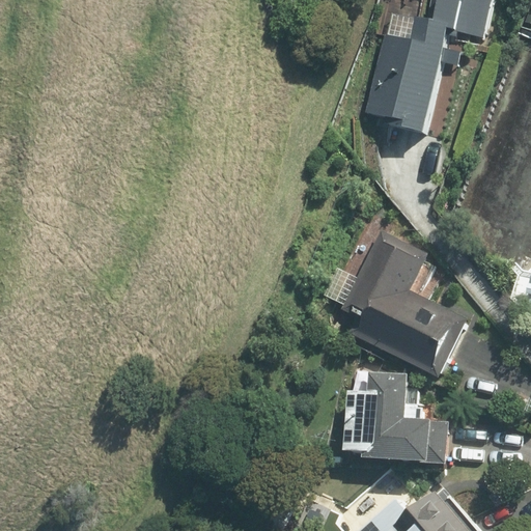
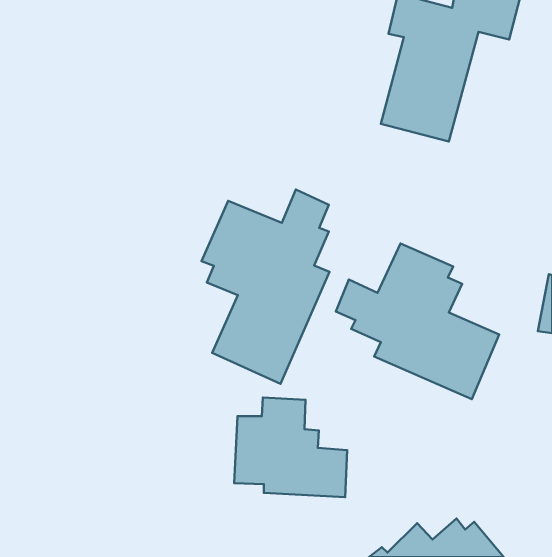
building: none -> [202,190,330,384]
building: [345,370,452,465] -> [234,397,347,497]

